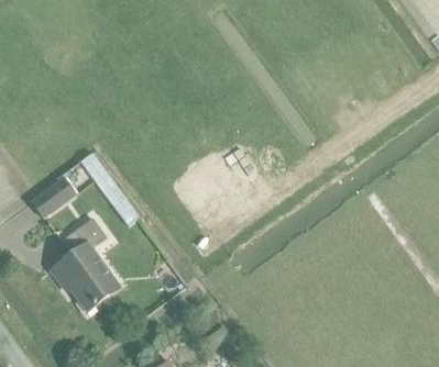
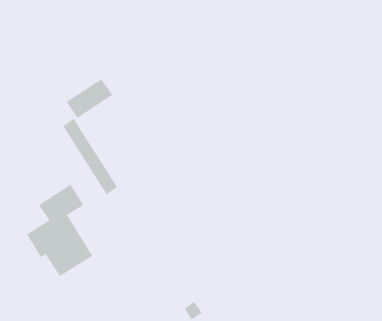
building: [30,179,76,220] -> [66,79,113,118]

